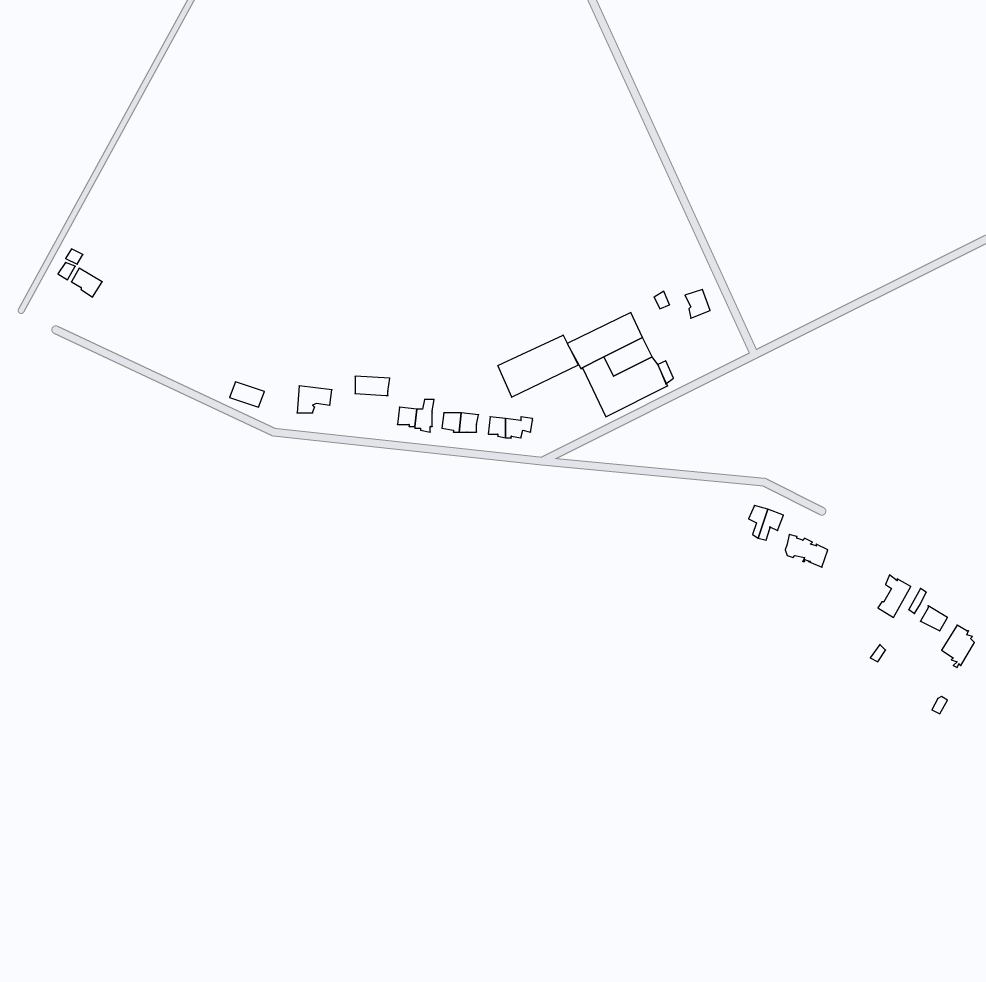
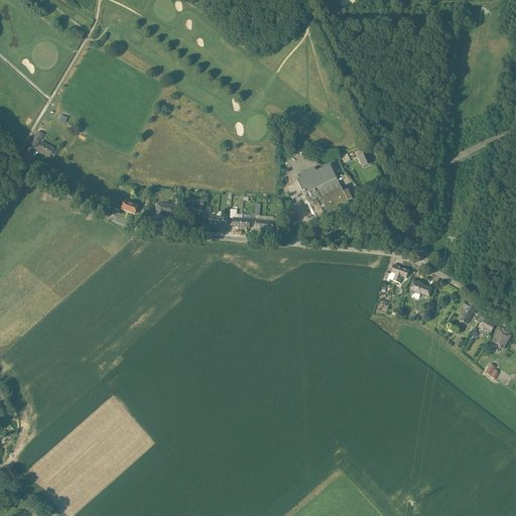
building: [498,335,578,397] -> none

